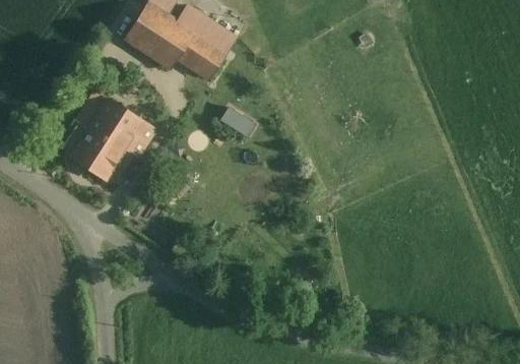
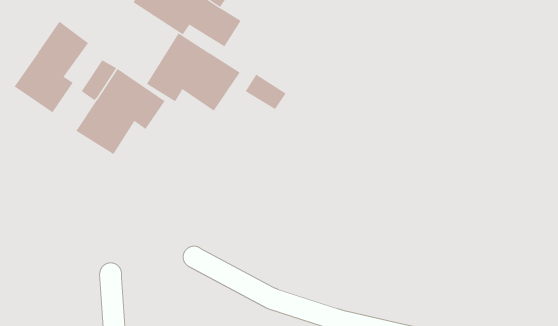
building: none -> [14,21,89,113]
building: none -> [146,33,240,111]

